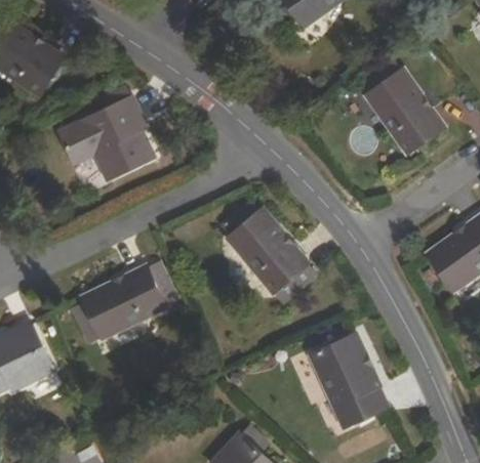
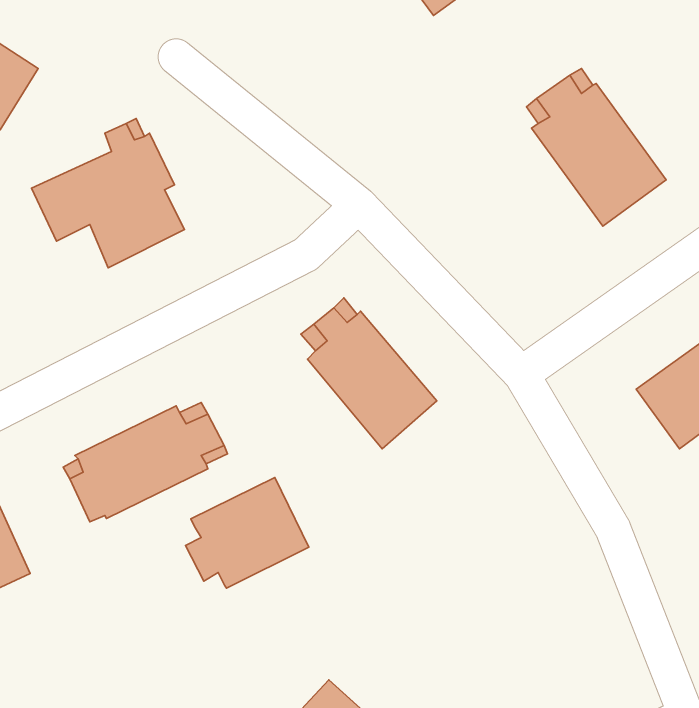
building: none -> [186,478,309,588]
building: [311,336,389,429] -> none

